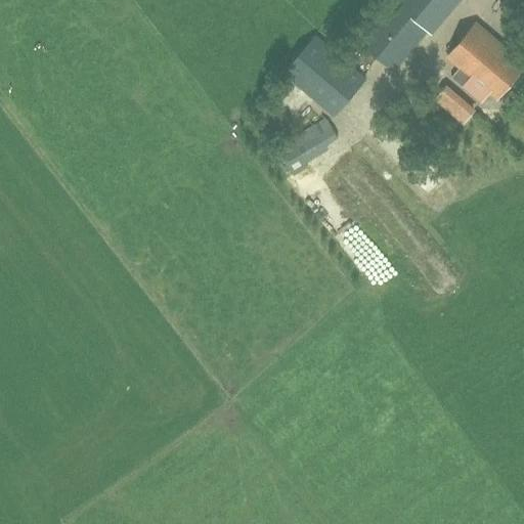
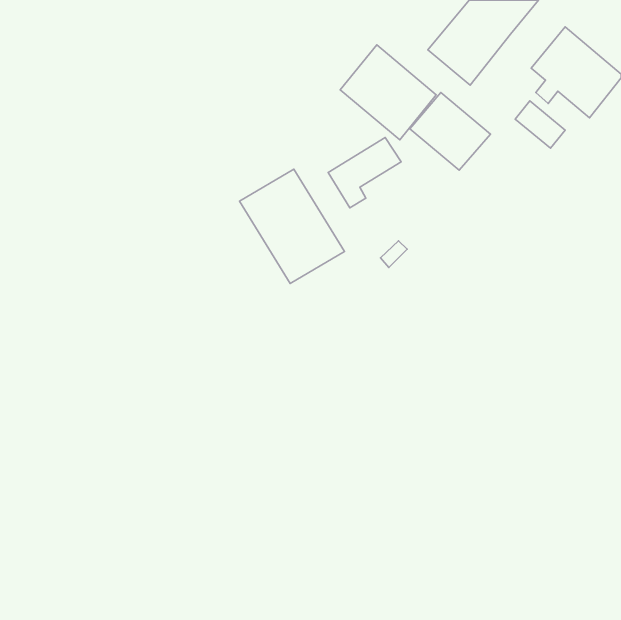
building: none -> [410,93,491,170]
building: none -> [240,169,344,284]

